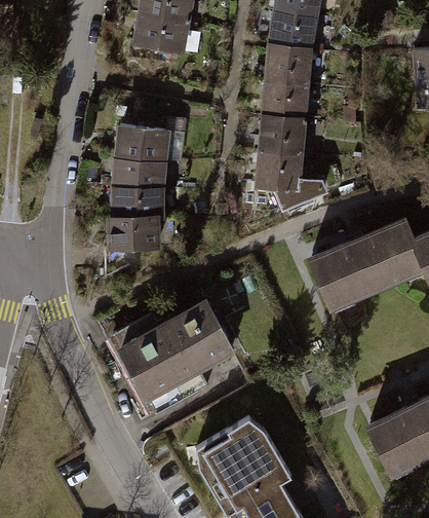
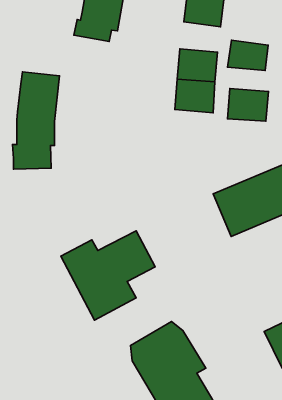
building: [262,42,313,80] -> [227,40,268,71]
building: [113,127,171,250] -> [13,72,59,169]
building: [252,152,304,193] -> [227,88,268,121]

